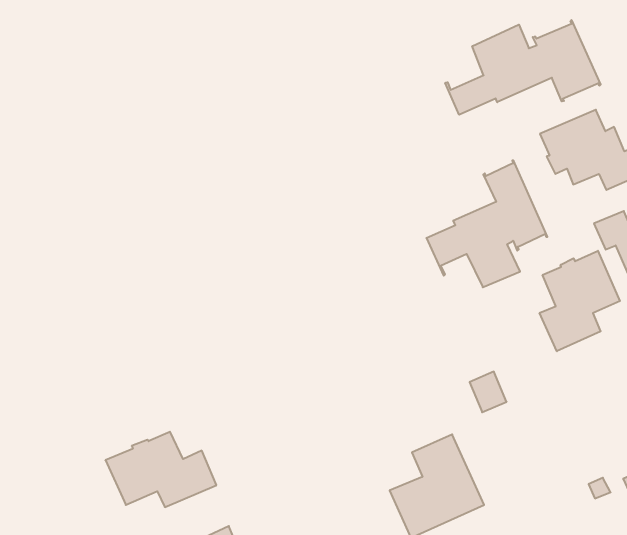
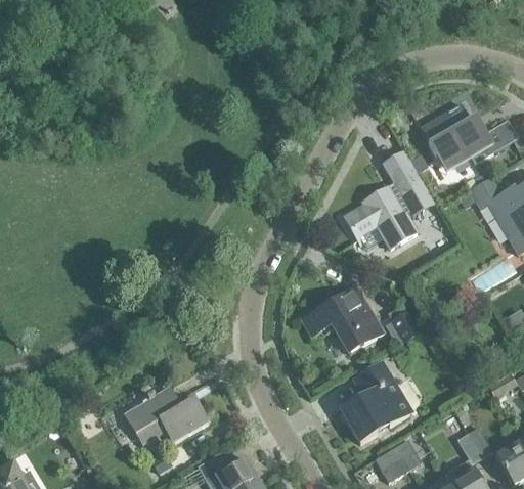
building: [445,20,601,115] -> none
building: [540,251,620,351] -> none
building: none -> [301,286,384,353]

